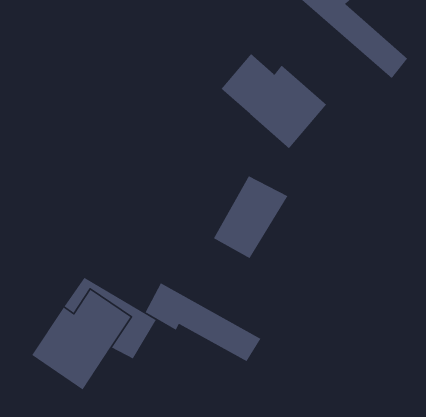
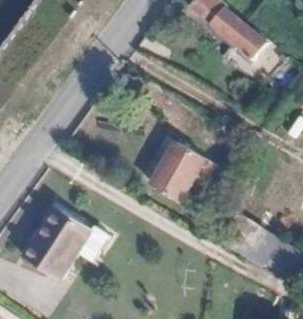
building: [220,53,327,149] -> none
building: [145,282,262,362] -> none

